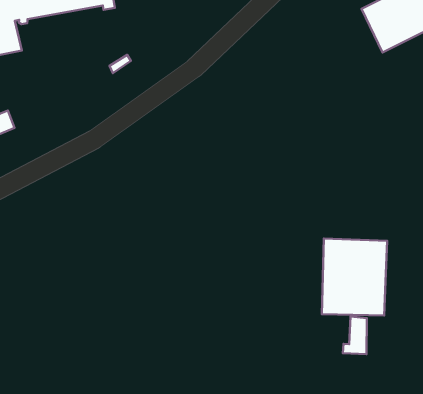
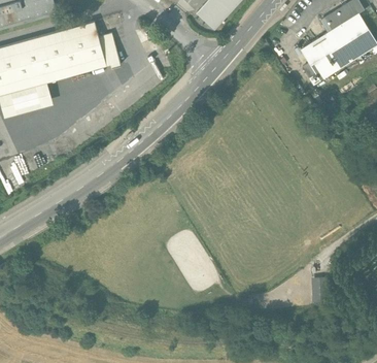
building: [322,238,387,315] -> none

